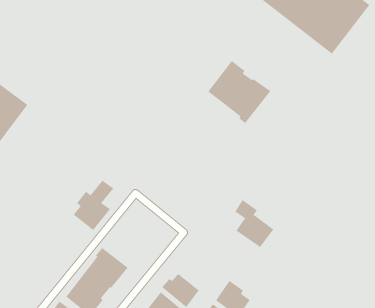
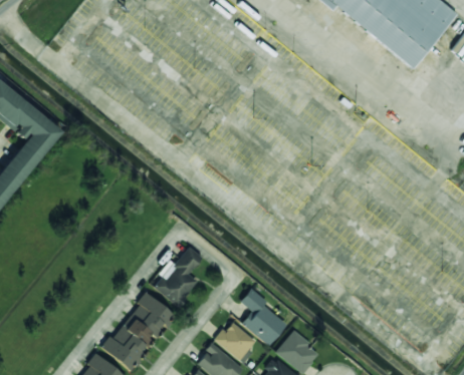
building: [208,60,271,124] -> none
building: [73,180,114,231] -> [155,247,203,306]
building: [234,199,274,248] -> [241,288,287,344]

